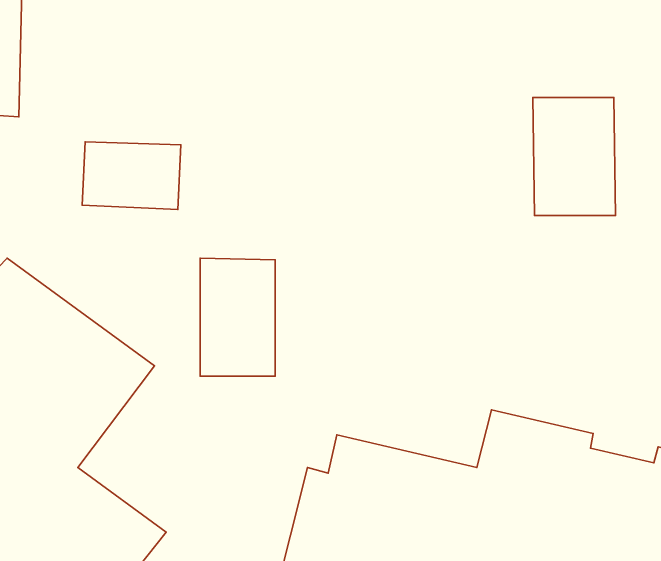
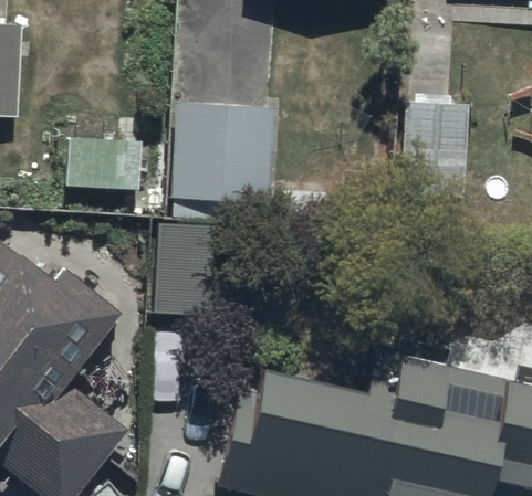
building: none -> [173,107,272,199]

